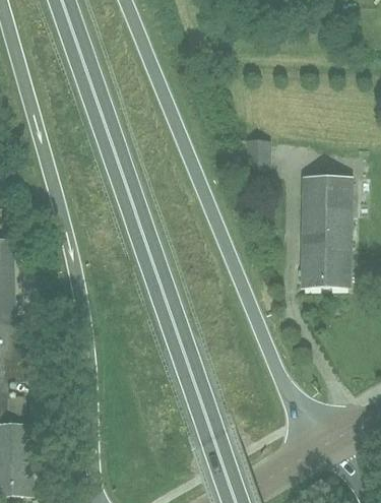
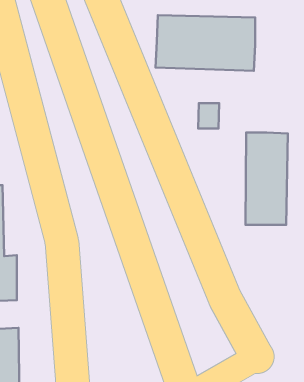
building: none -> [156,15,255,71]

